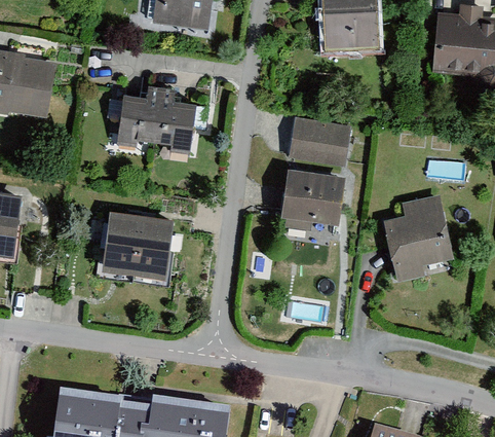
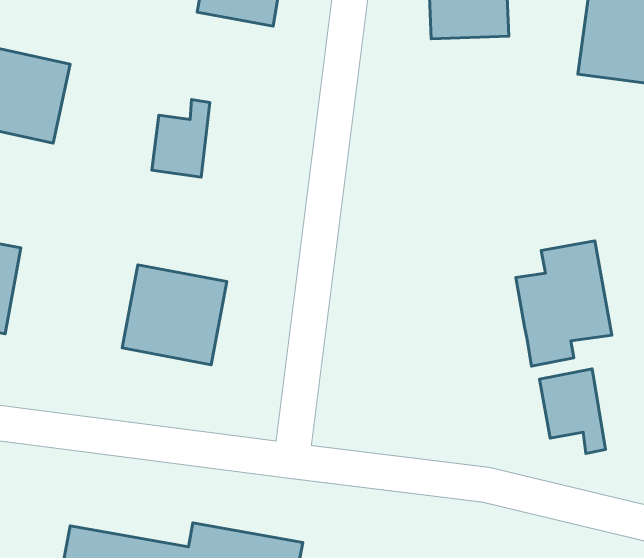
building: [154,92,195,150] -> none
building: [291,114,351,158] -> none
building: [277,169,345,227] -> none
building: none -> [540,369,605,453]

